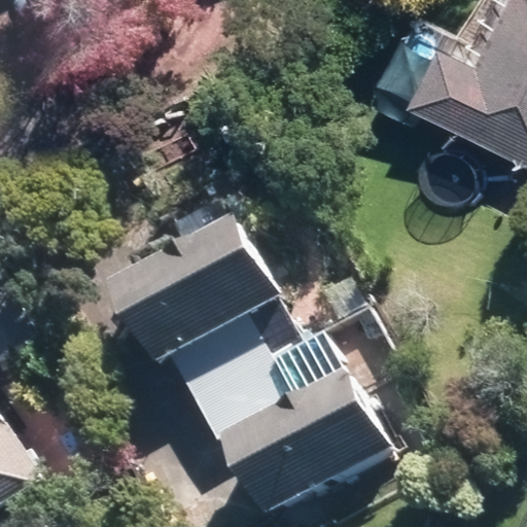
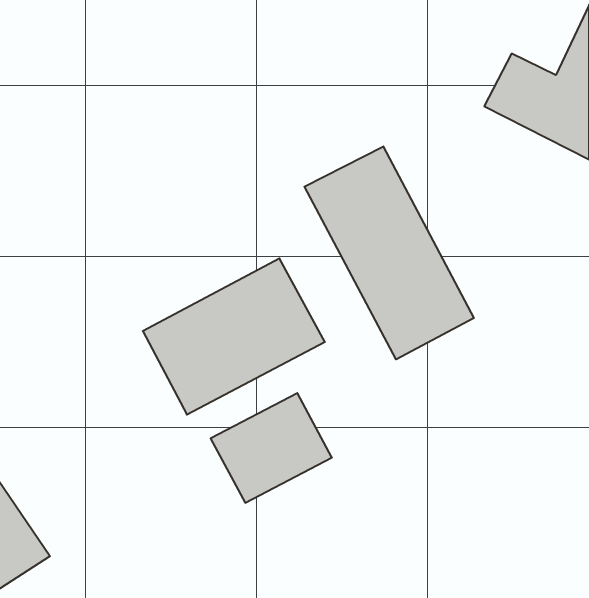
building: none -> [304,146,474,359]
building: [236,380,385,506] -> none

